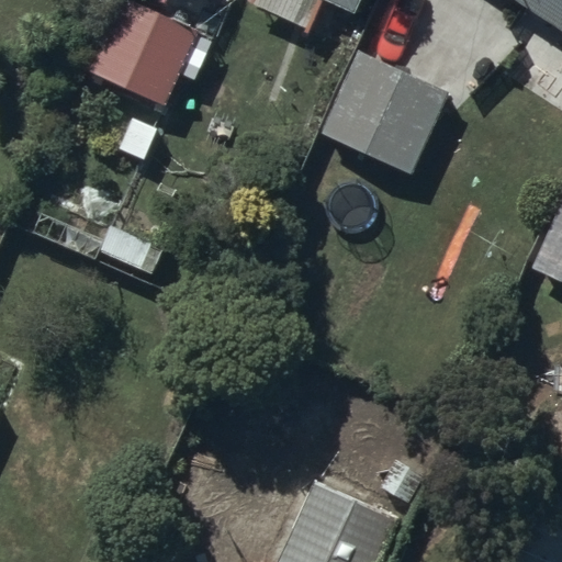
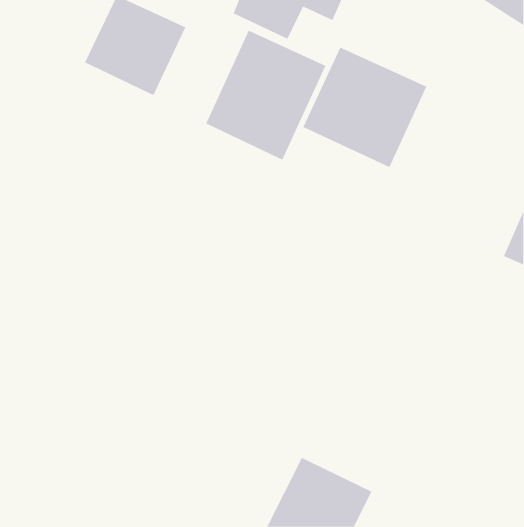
building: none -> [205,30,326,161]

